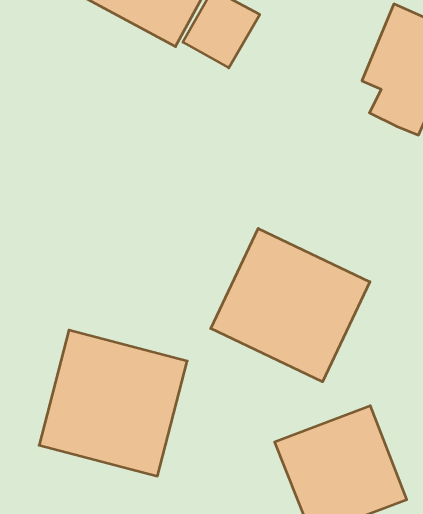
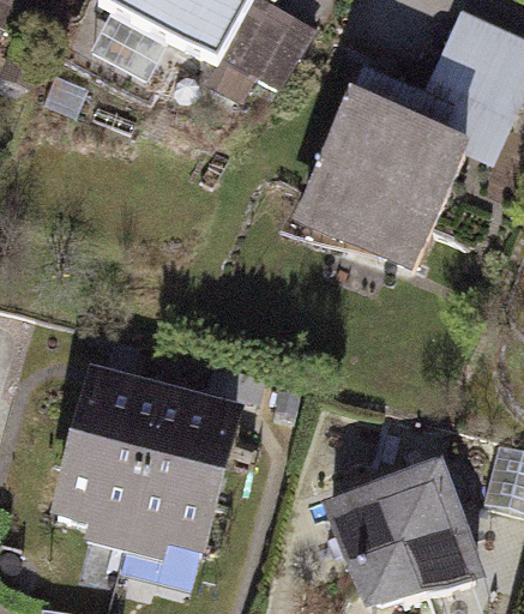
building: none -> [295,72,464,269]
building: [211,228,370,382] -> none

